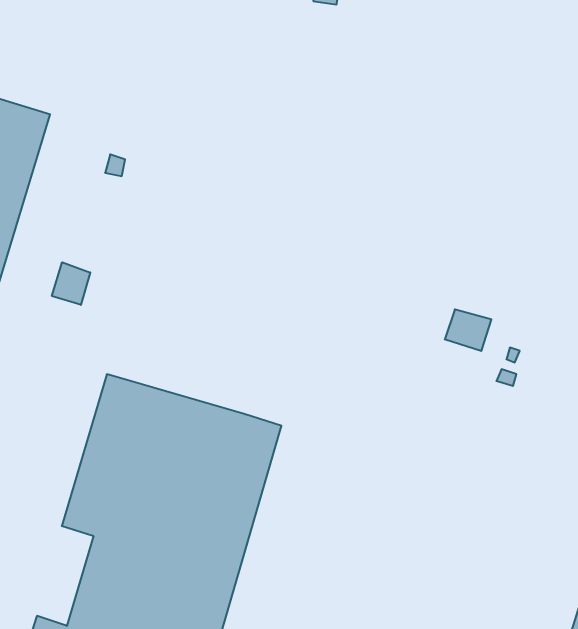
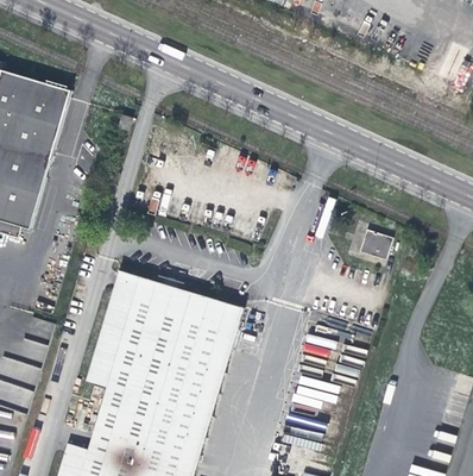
building: [52,262,90,305] -> none

